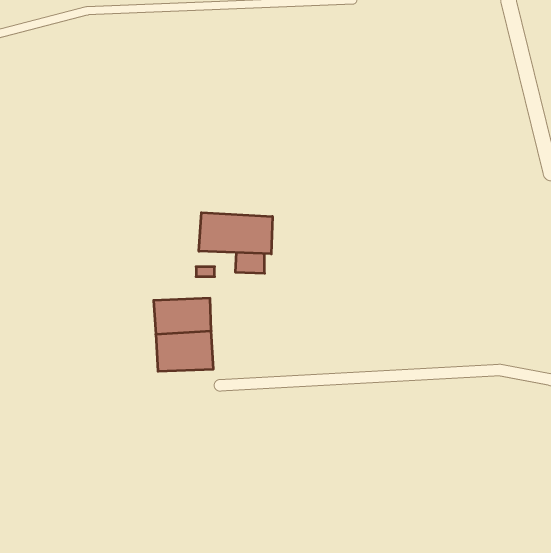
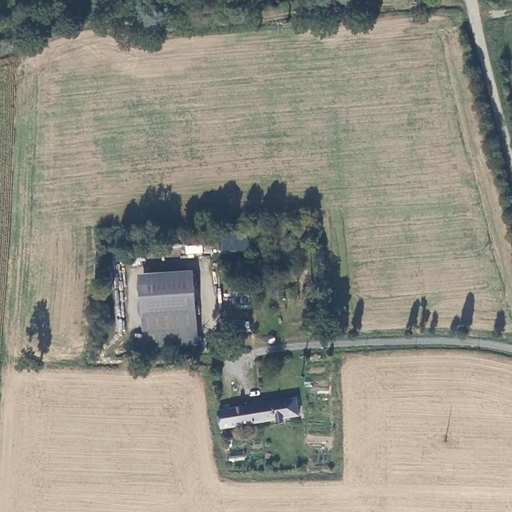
building: [199,213,272,254] -> none
building: none -> [213,396,293,423]

